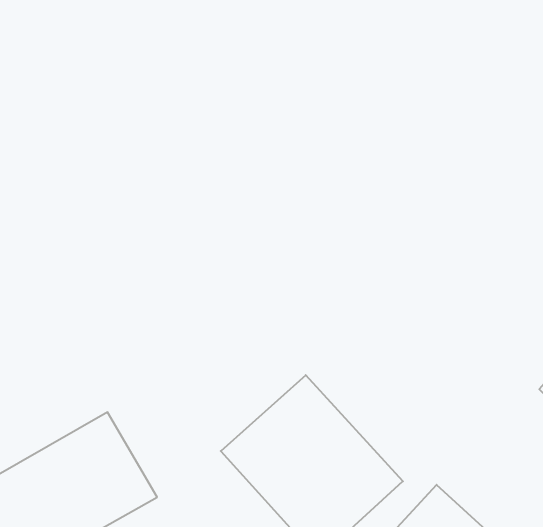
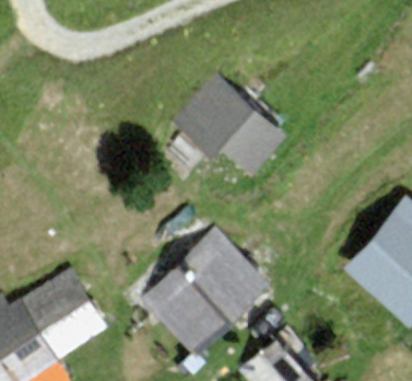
building: none -> [161,77,269,180]

